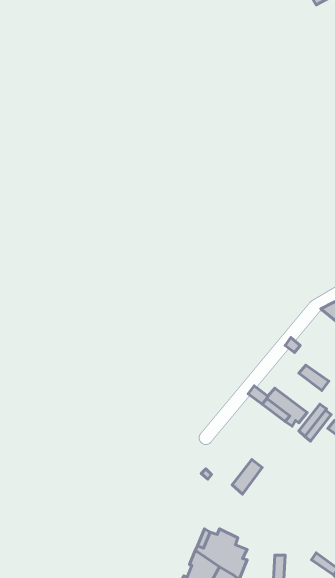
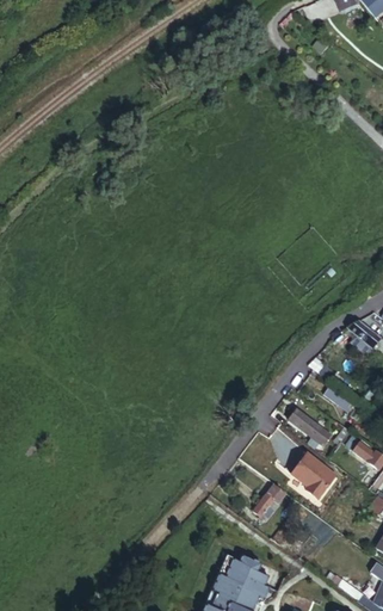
building: none -> [291,451,338,498]

